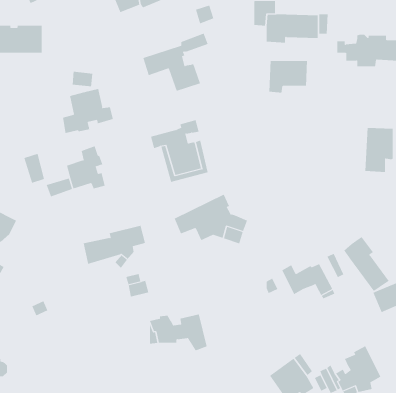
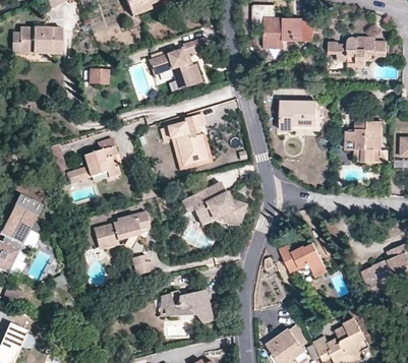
building: [269,60,308,93] -> [280,101,315,130]
building: [63,88,114,134] -> none
building: [343,236,390,292] -> none

